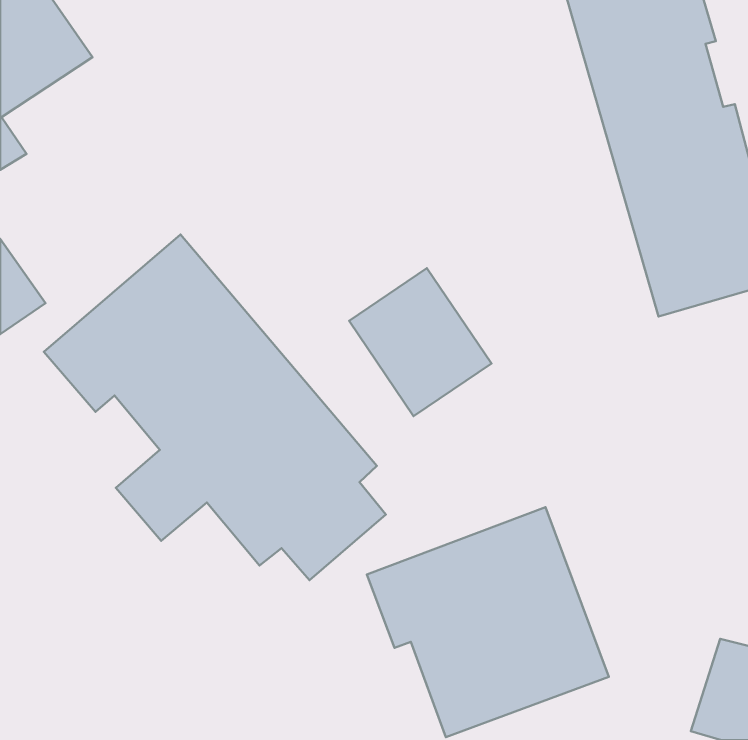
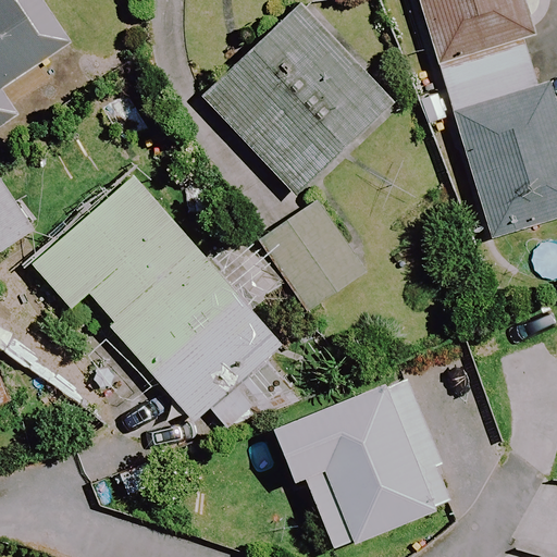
building: none -> [202,4,391,193]

